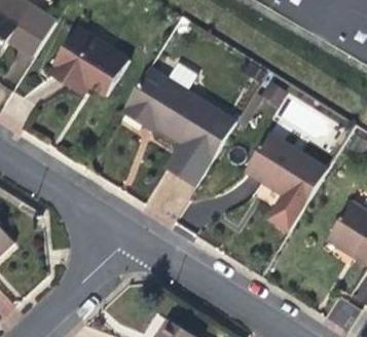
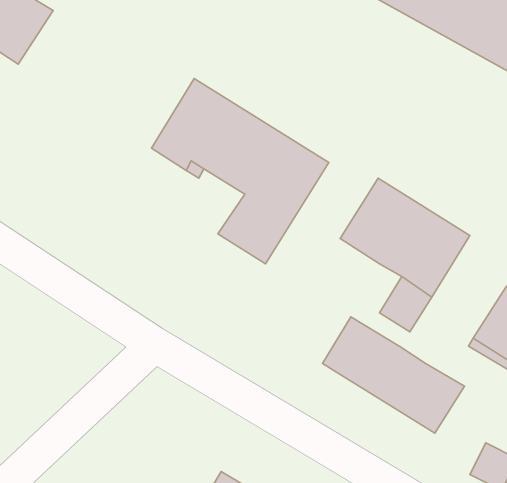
building: [56,25,129,91] -> none
building: none -> [323,317,465,433]

